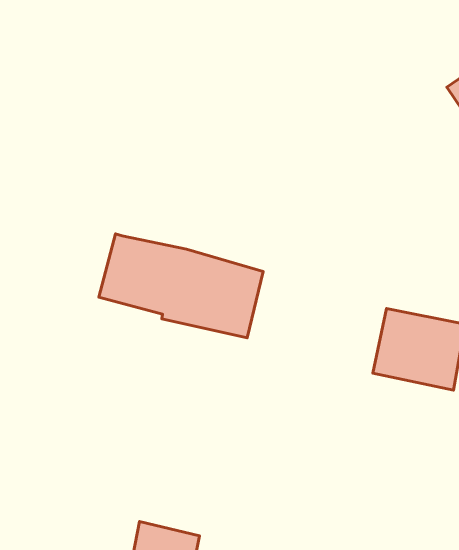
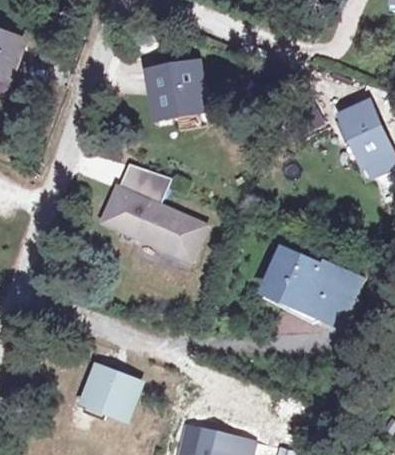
building: none -> [153,73,202,121]
building: none -> [117,159,167,196]

